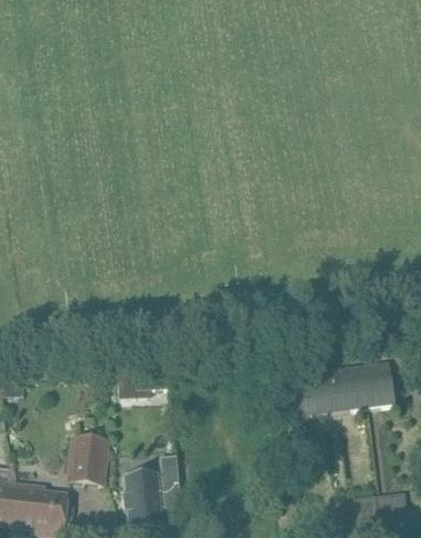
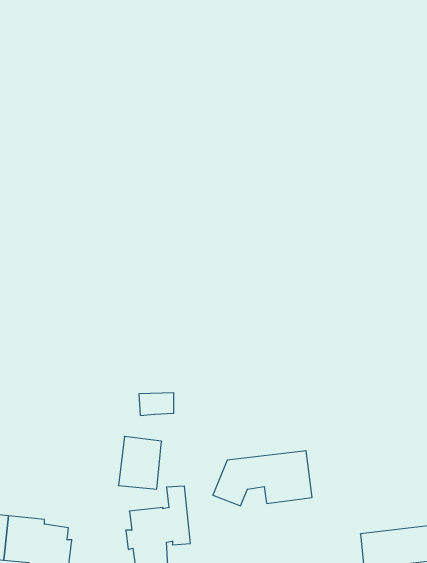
building: [301,359,393,410] -> [213,451,312,506]
building: [67,434,107,482] -> [118,436,162,489]

